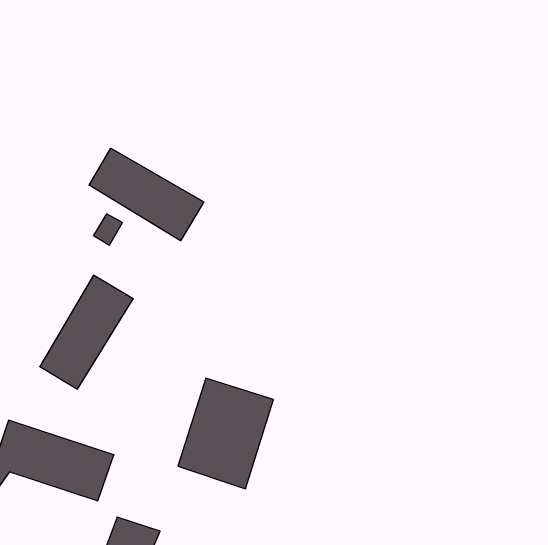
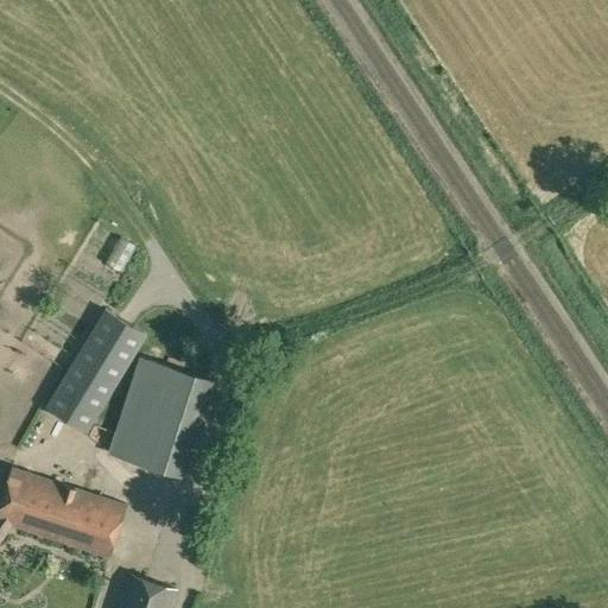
building: [89,148,204,241] -> none
building: [178,378,273,489] -> [107,357,213,480]

